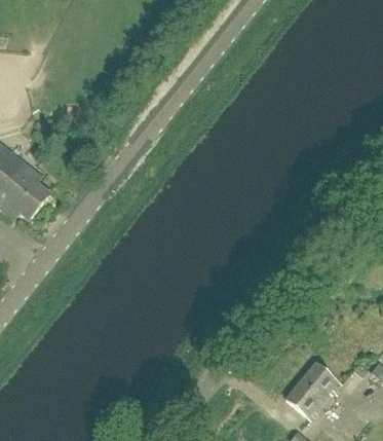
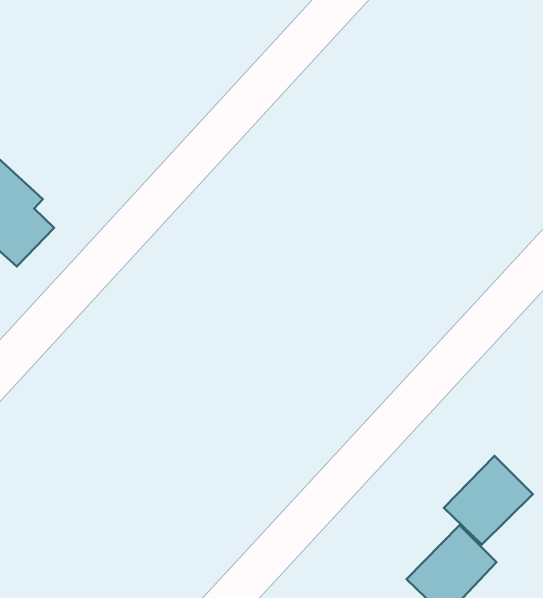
building: none -> [444,456,533,545]

